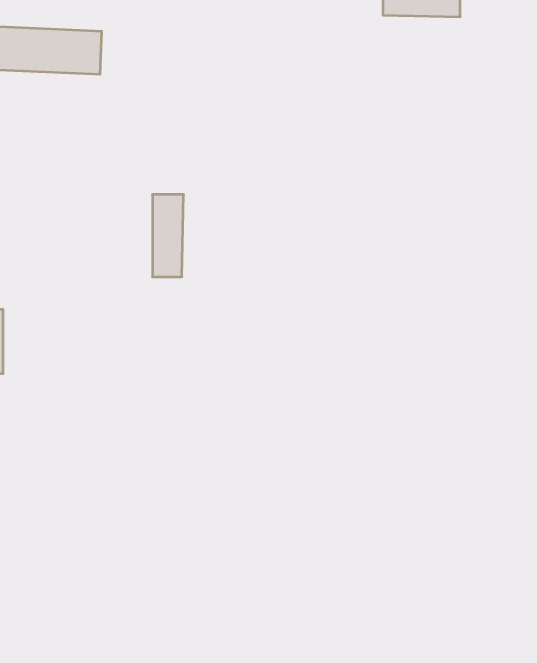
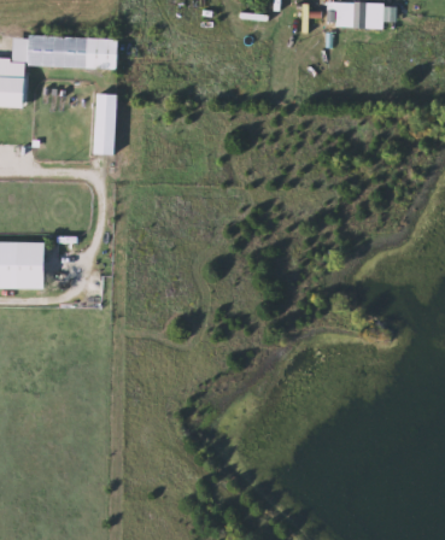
building: [152,195,184,277] -> [94,94,117,154]

